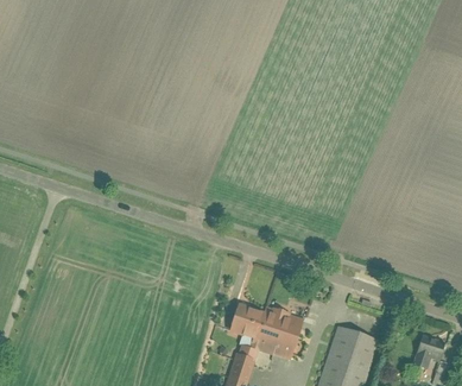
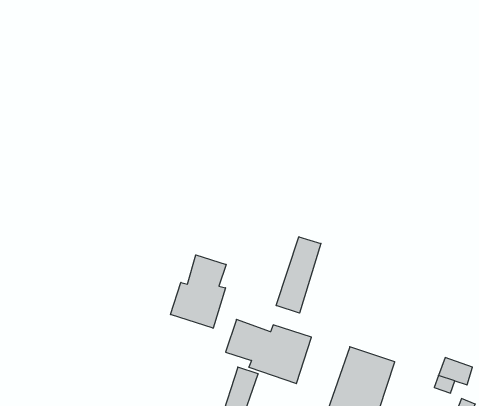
building: none -> [276,237,321,313]
building: none -> [171,255,226,328]

